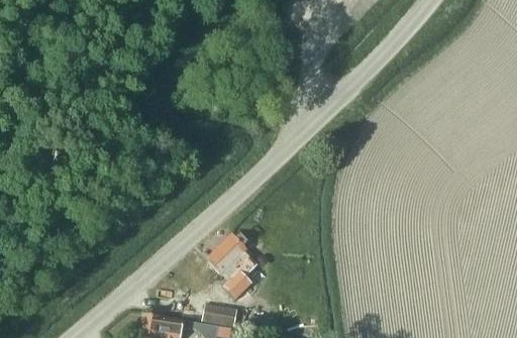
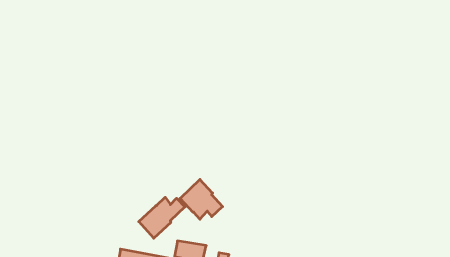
building: none -> [139,197,185,238]

